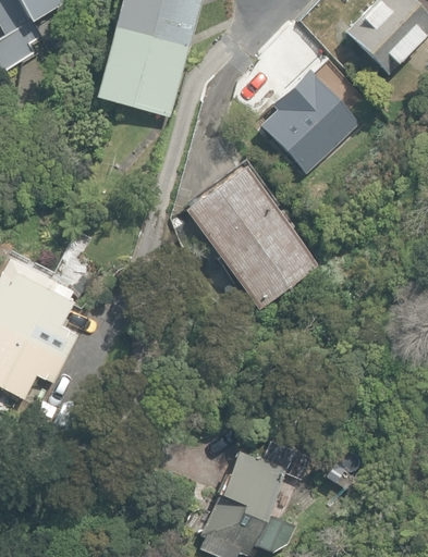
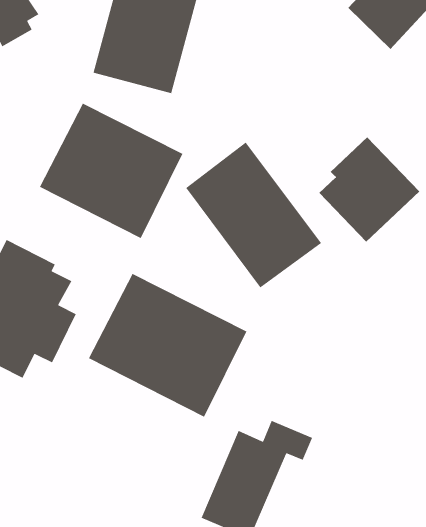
building: [260,69,360,173] -> [319,136,420,242]
building: none -> [39,103,184,239]
building: none -> [88,273,248,418]

